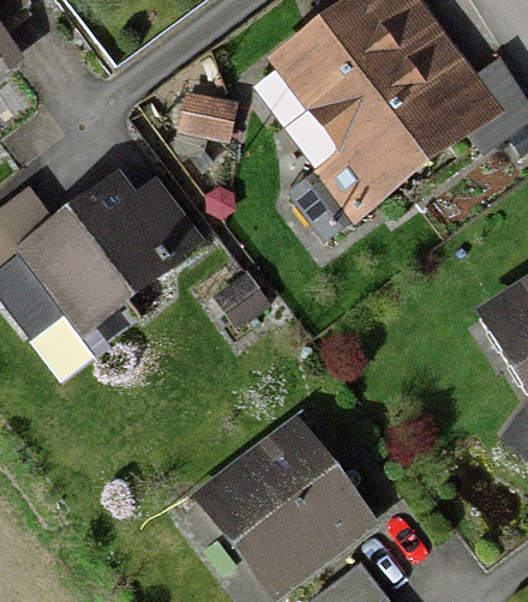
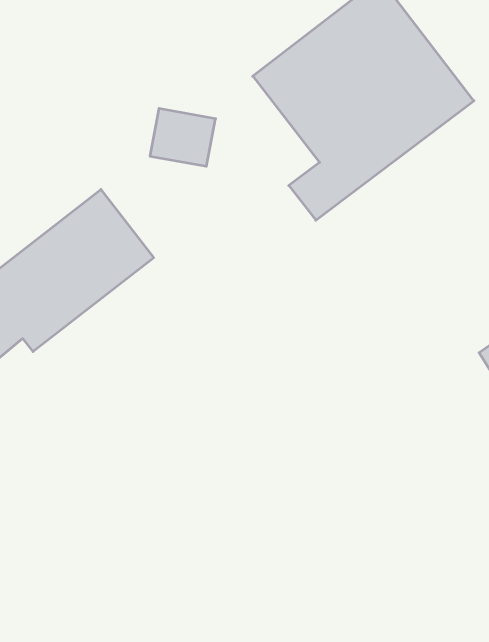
building: [208,437,348,574] -> none

